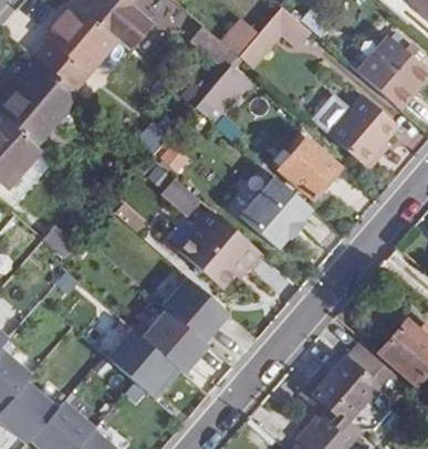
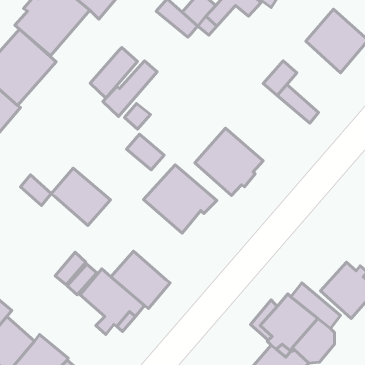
building: [196,65,249,122] -> [90,48,138,98]
building: [338,94,398,153] -> none
building: [279,137,341,197] -> none
building: [163,275,229,340] -> [51,168,111,225]

